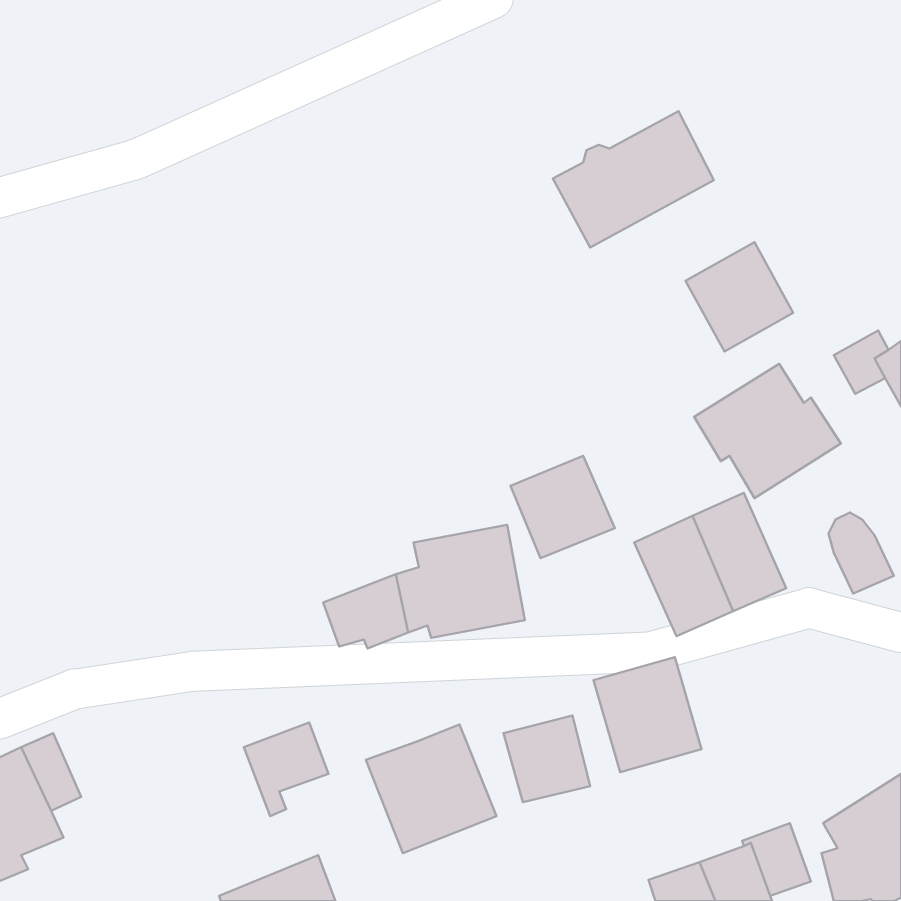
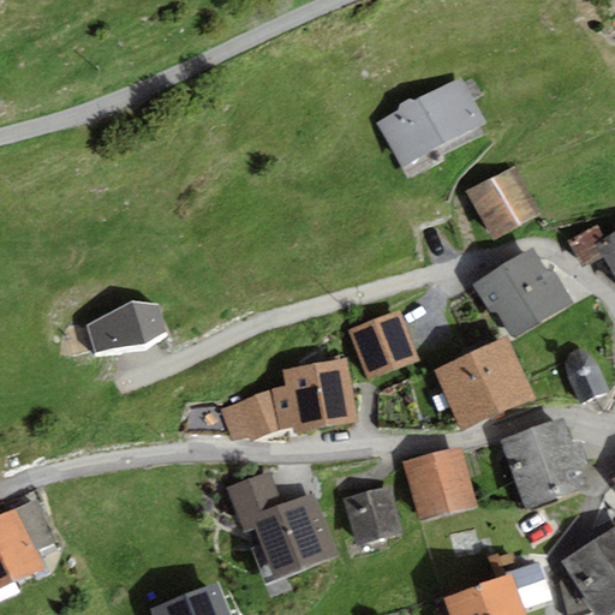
building: none -> [84,303,165,353]
building: none -> [498,416,586,506]
building: [244,723,329,816] -> [225,470,282,533]

